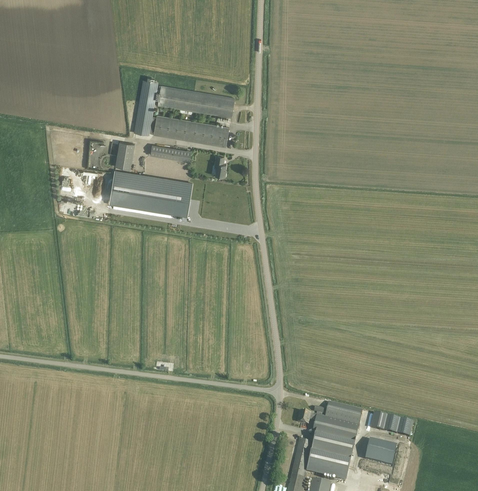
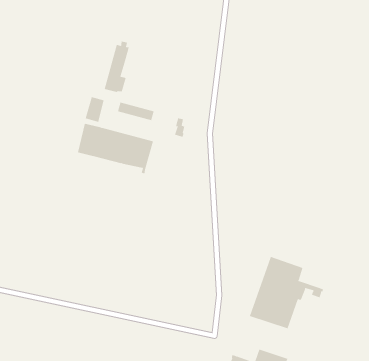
building: [153,86,233,118] -> none
building: [153,116,228,147] -> none
building: none -> [249,256,324,329]

